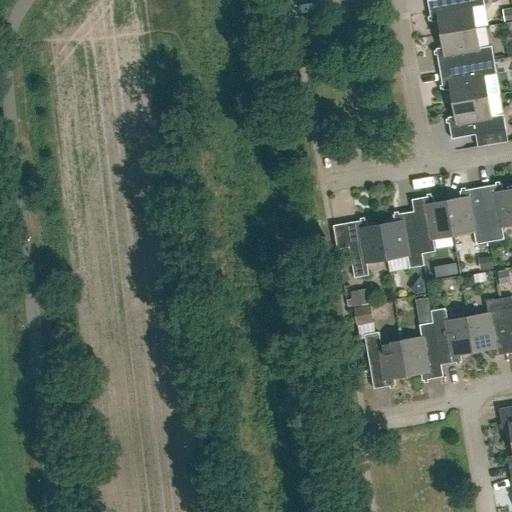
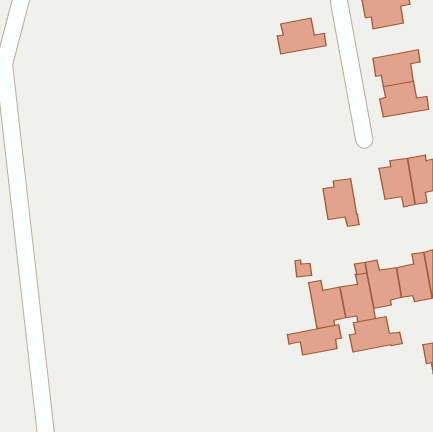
building: [436,27,494,69] -> [277,18,326,54]
building: [412,195,454,253] -> none
building: [345,219,387,277] -> none
building: none -> [349,317,402,352]
building: none -> [287,325,341,355]

